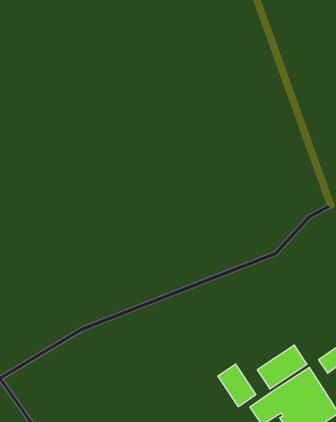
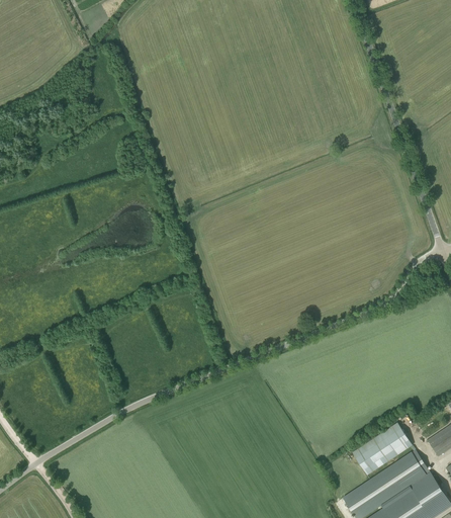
building: [218,364,256,407] -> none

